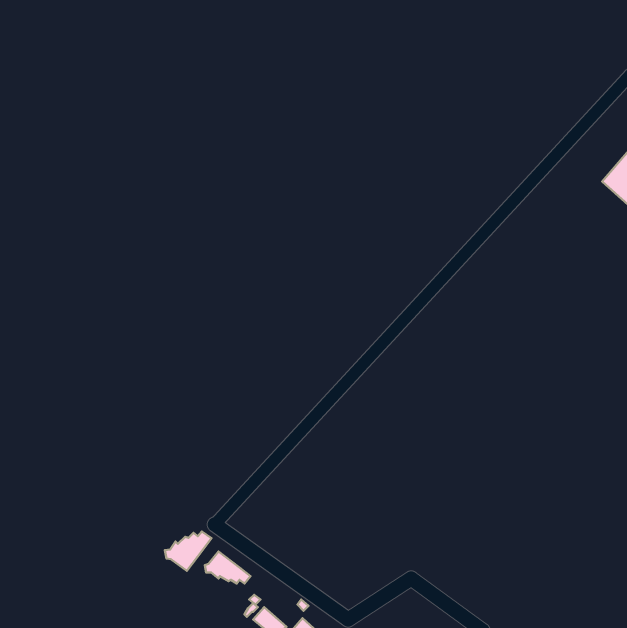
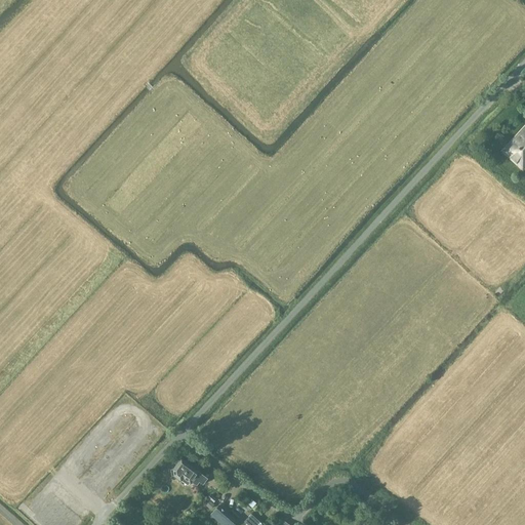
building: [165,531,211,571] -> none

